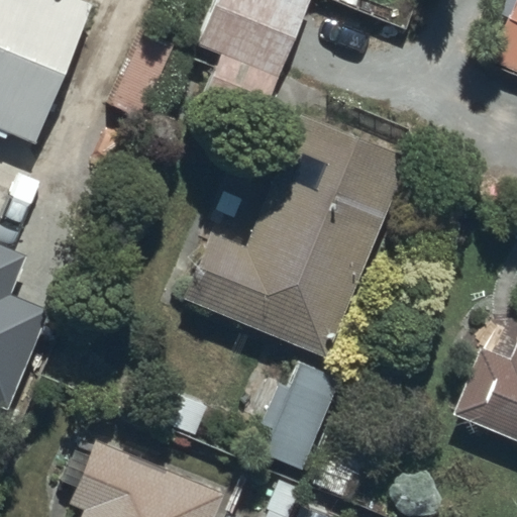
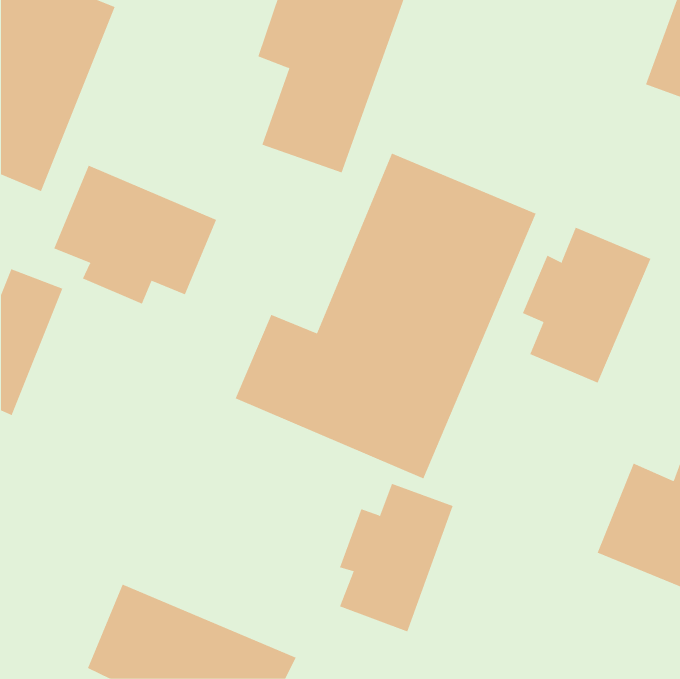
building: none -> [54,165,217,305]
building: none -> [522,227,651,383]

